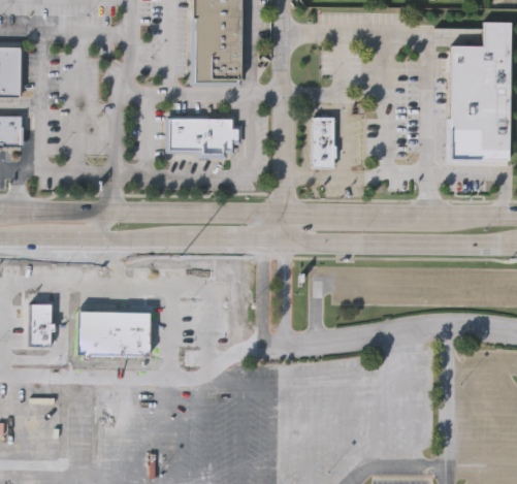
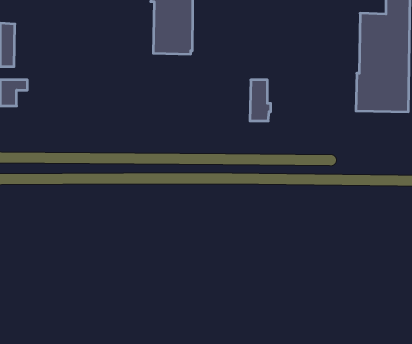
building: [167,112,244,158] -> none
building: [33,304,54,346] -> none
building: [82,311,153,356] -> none

